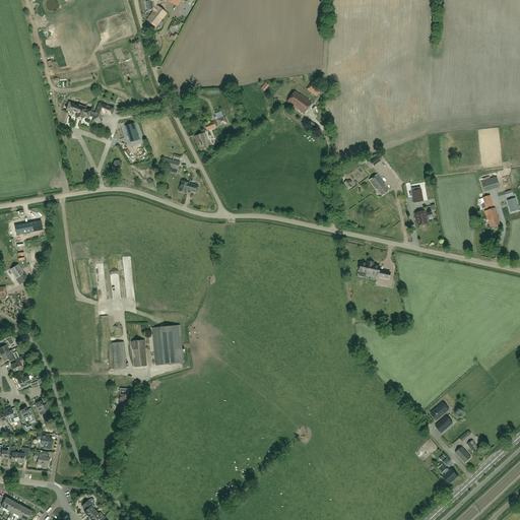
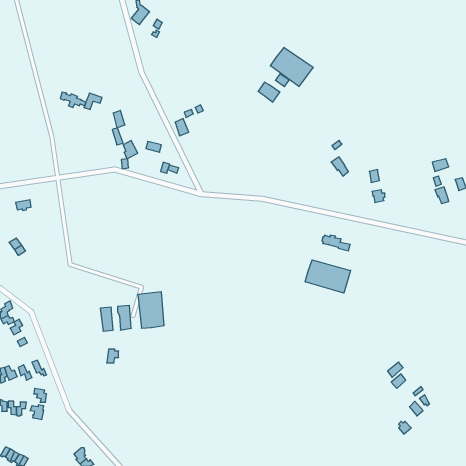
building: none -> [270,47,313,87]
building: none -> [305,260,351,293]

